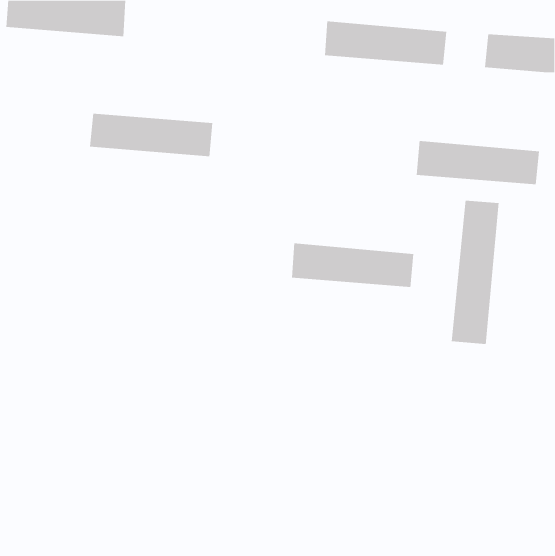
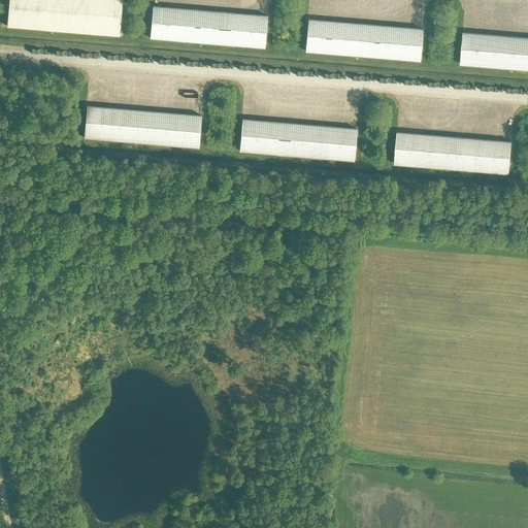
building: none -> [151,7,268,48]
building: [451,200,499,345] -> none
building: [291,243,414,288] -> [238,118,355,160]

